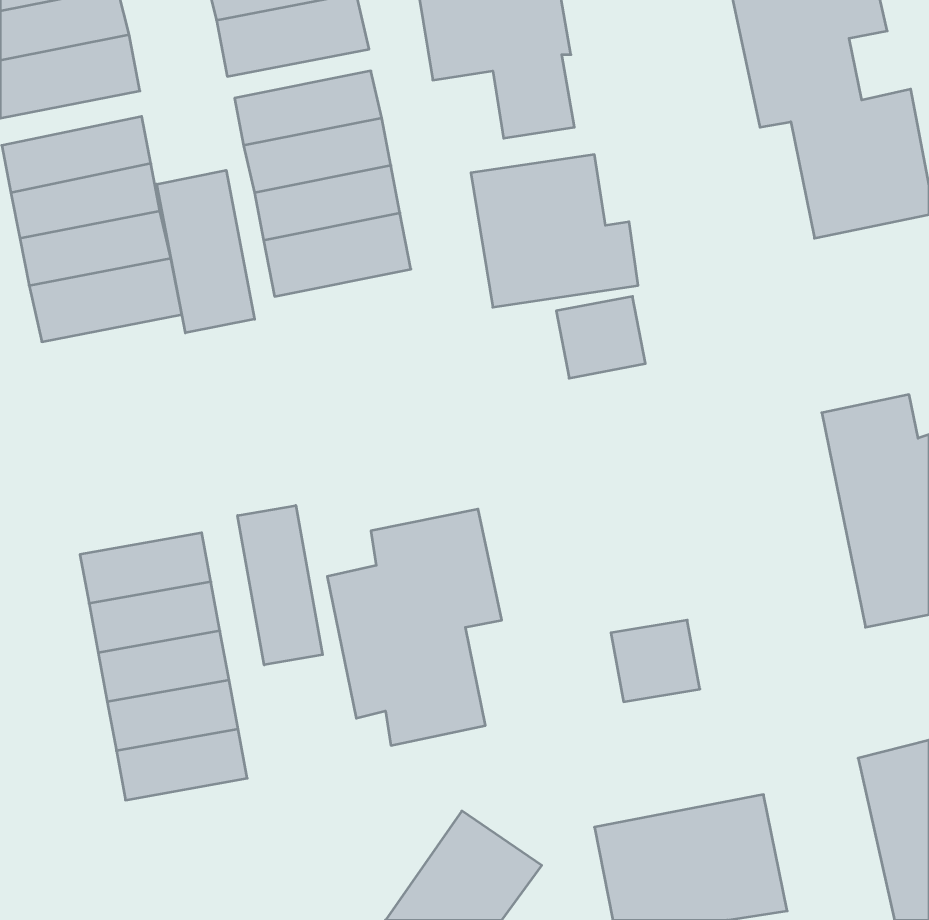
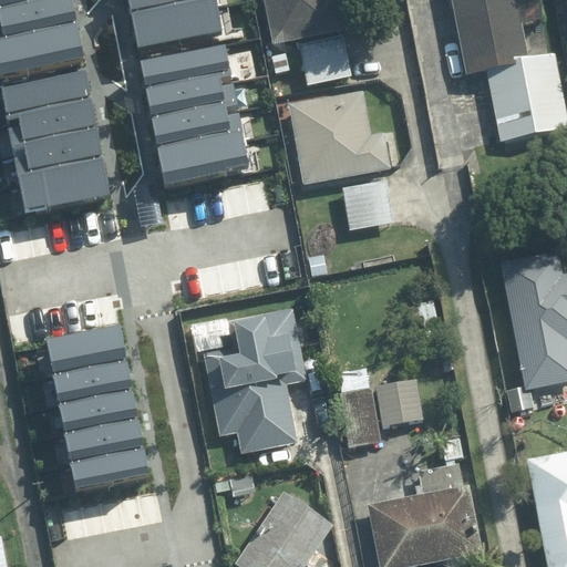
building: [157,170,255,333] -> none
building: [238,505,323,665] -> none
building: none -> [338,363,381,449]

